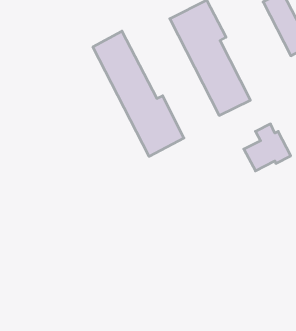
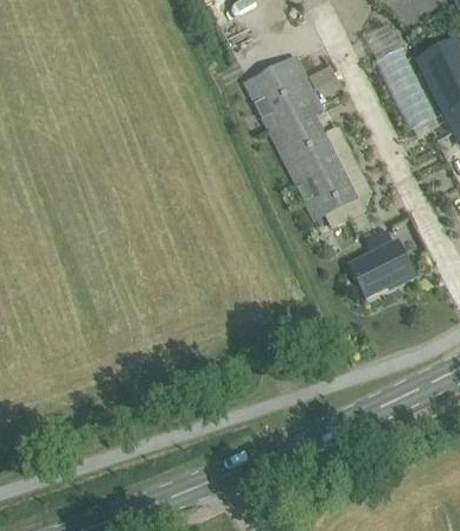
building: [93,31,184,156] -> none

